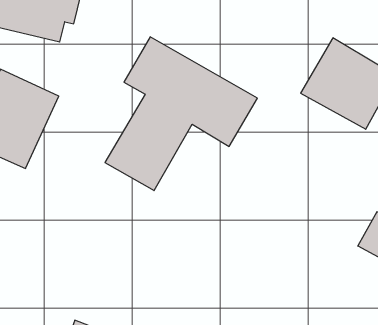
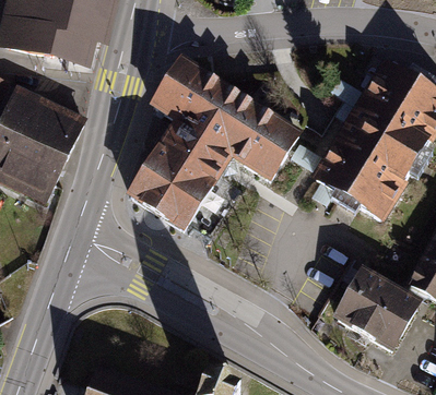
building: none -> [308,120,415,223]
building: none -> [331,266,422,351]

